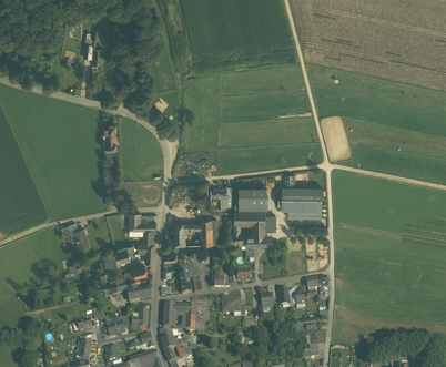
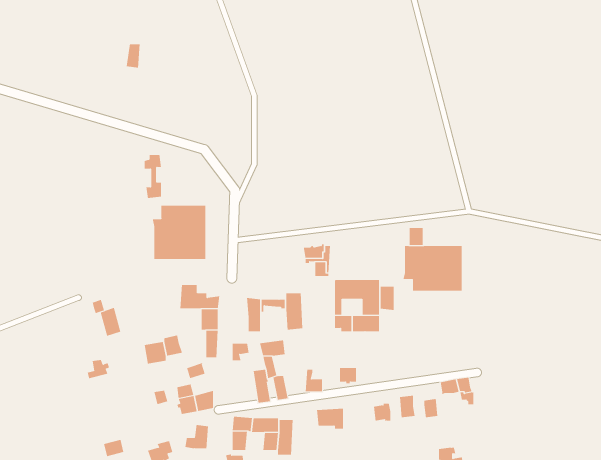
building: none -> [152,205,206,260]
building: [235,186,265,208] -> none

